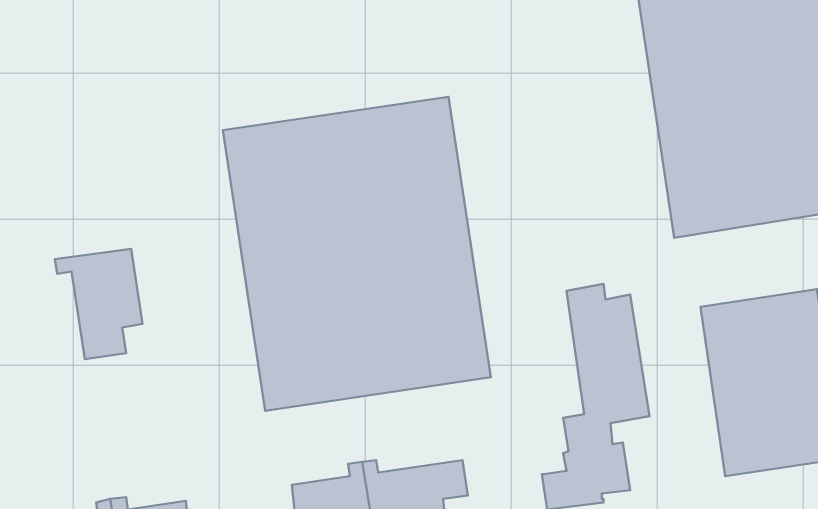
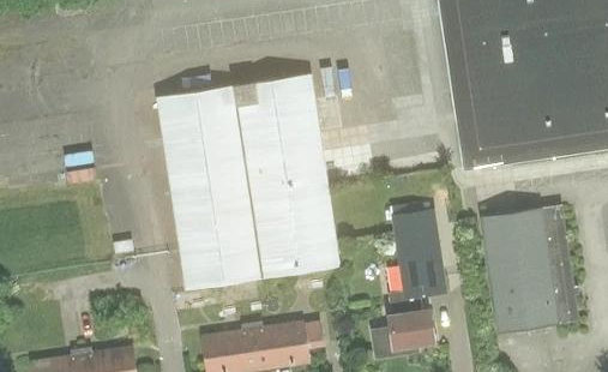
building: [55,249,143,359] -> none

